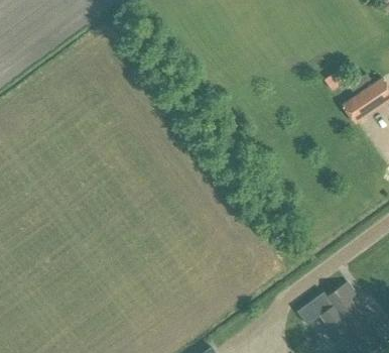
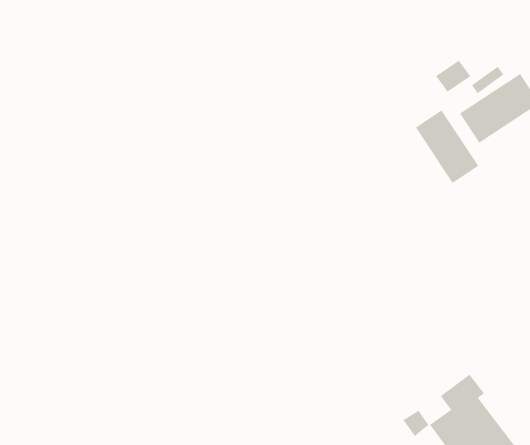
building: none -> [415,109,479,184]

